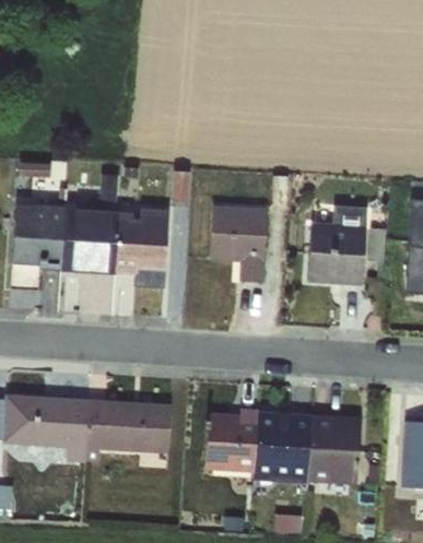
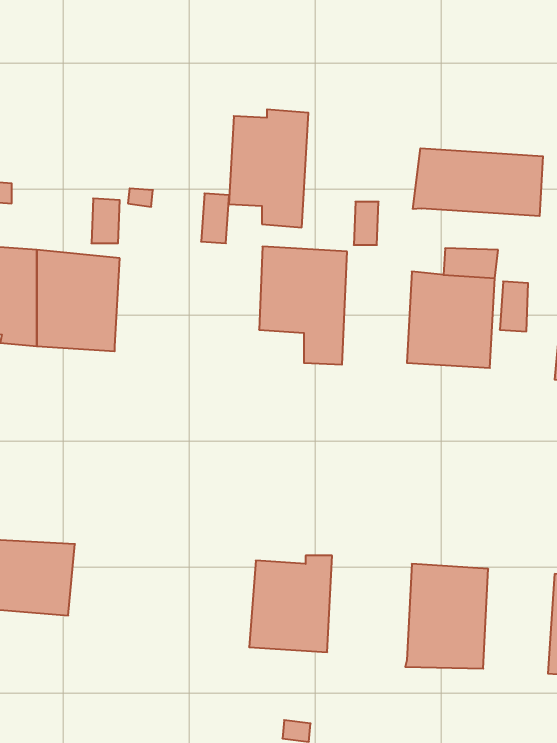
building: none -> [413,148,543,216]
building: [115,209,167,286] -> [229,109,308,227]
building: [83,400,171,463] -> none
building: [255,409,310,477] -> none

